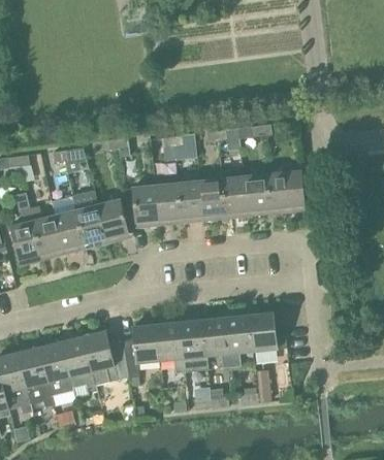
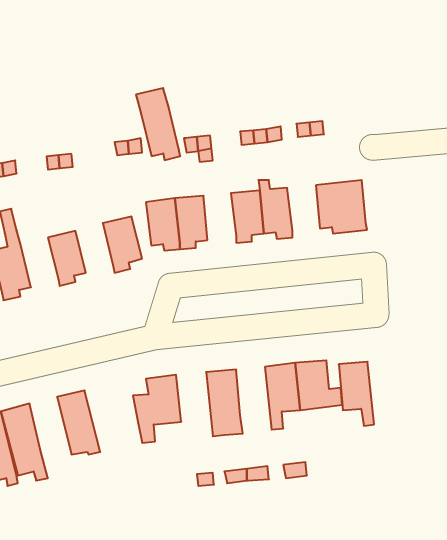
building: [243,174,268,216] -> none
building: [177,180,202,222] -> none
building: [71,190,106,247] -> [136,88,180,160]
building: [29,207,63,257] -> none
building: [202,318,230,368] -> [339,362,374,426]
building: [155,322,184,373] -> none
building: [83,330,128,385] -> none
building: [39,341,72,405] -> none

